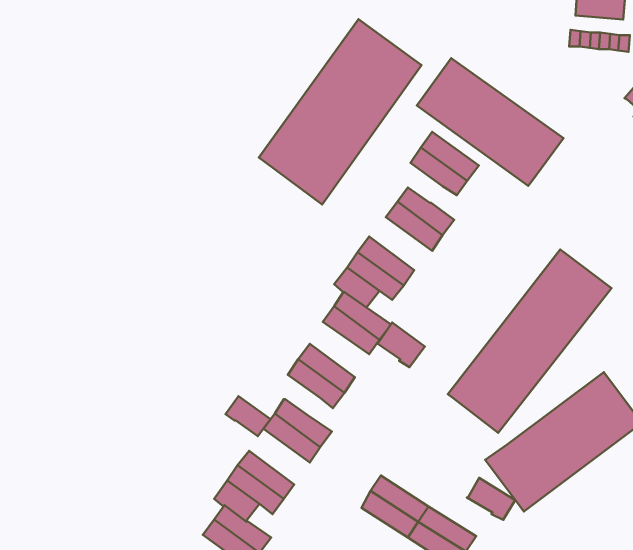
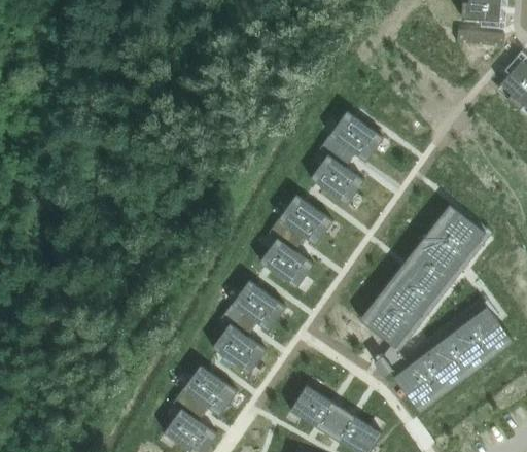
building: [259,19,421,205] -> none
building: [417,58,564,186] -> none
building: none -> [319,135,355,167]
building: [377,323,425,367] -> none
building: [225,396,271,436] -> [221,304,257,336]
building: [467,478,515,520] -> none

